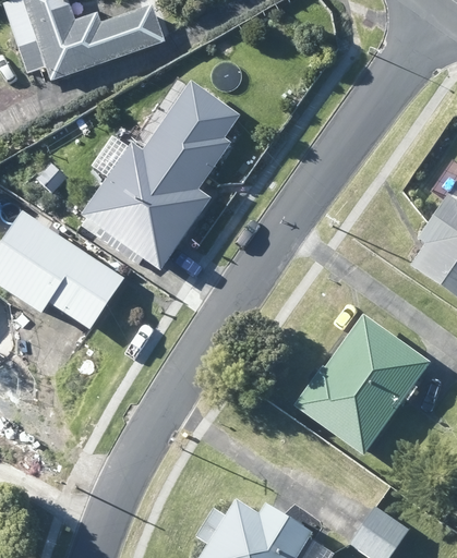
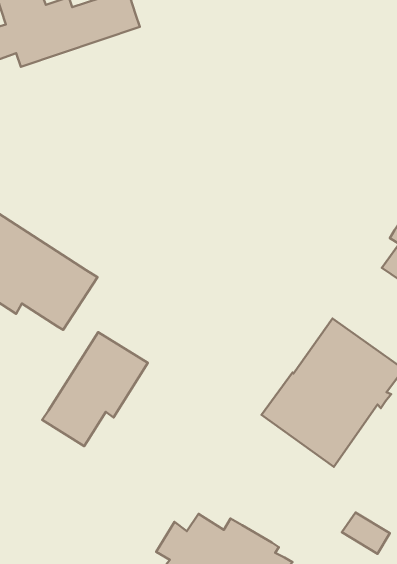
building: [89,78,246,268] -> none
building: none -> [42,332,148,446]

